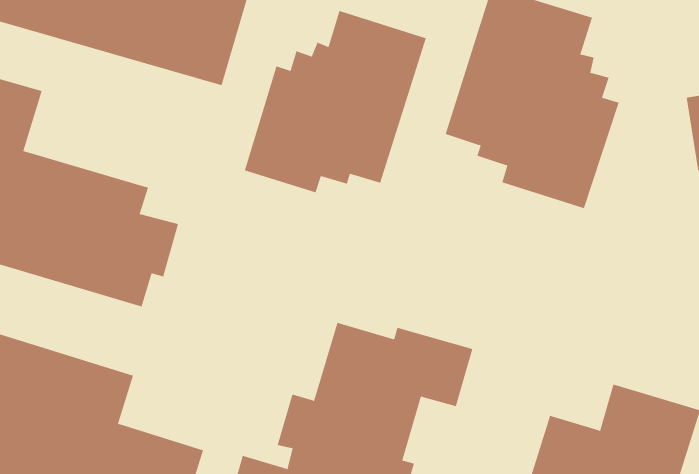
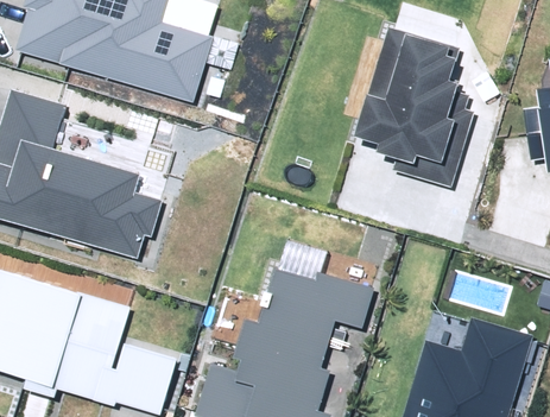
building: [244,10,426,193] -> none

